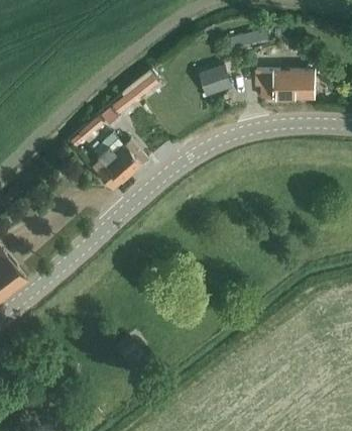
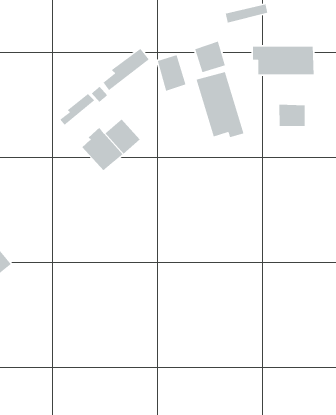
building: none -> [157,54,187,92]
building: none -> [195,71,244,138]
building: none -> [278,104,305,127]

